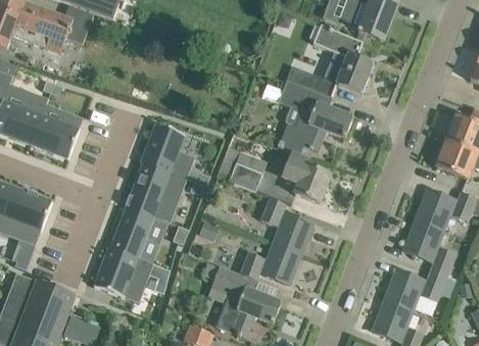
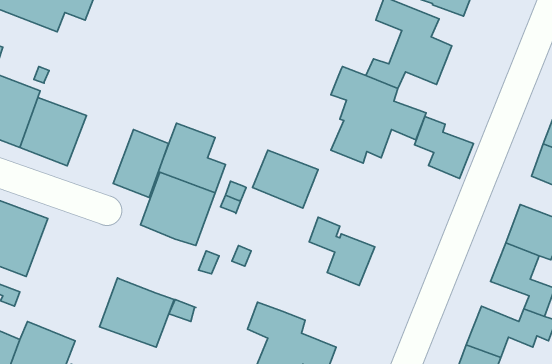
building: [284,152,331,201] -> [414,117,474,178]
building: [110,204,154,258] -> [113,129,168,198]
building: [239,242,300,283] -> none

